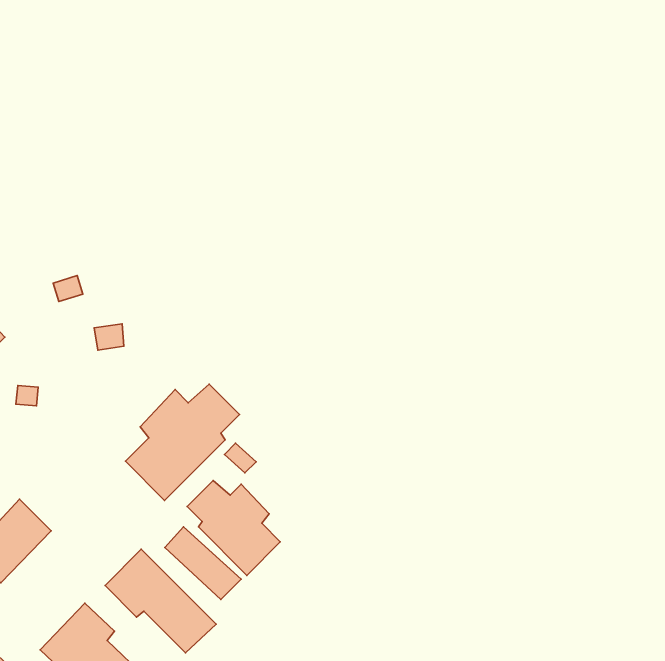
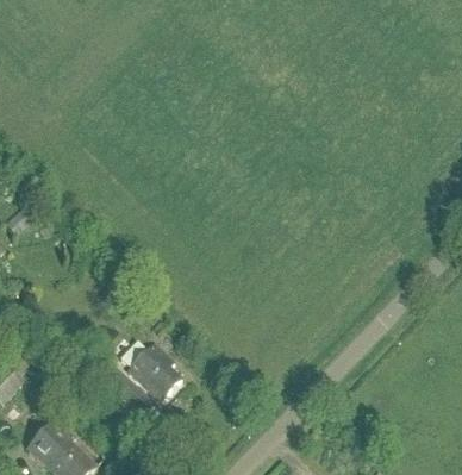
building: [125,384,240,500] -> none
building: [105,549,216,653] -> none

